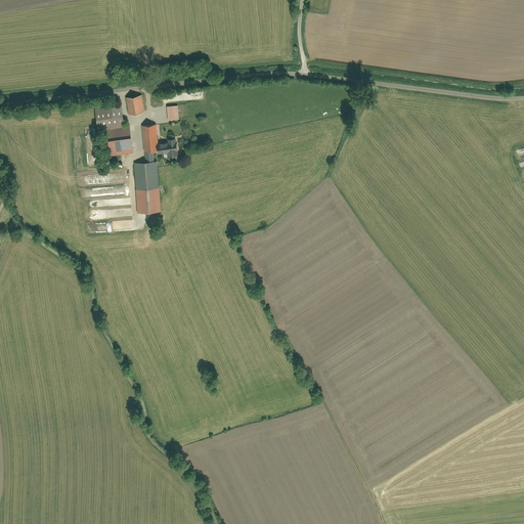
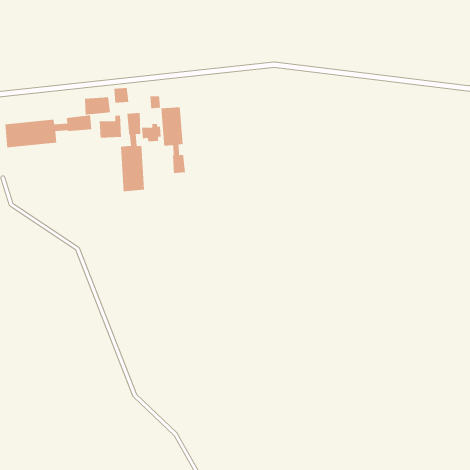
building: none -> [161,107,186,174]
building: none -> [5,115,92,148]

